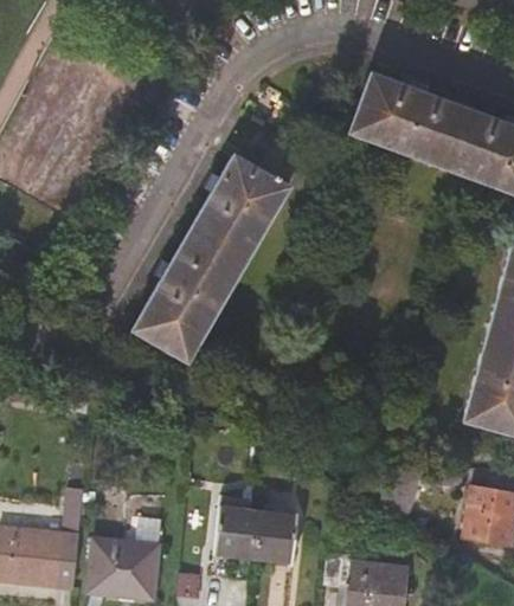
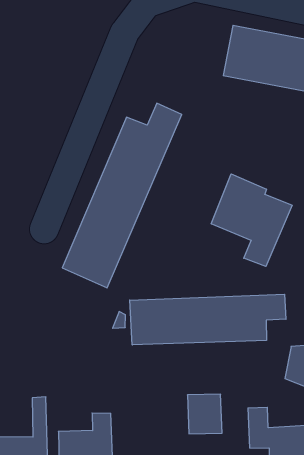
building: none -> [211,174,292,266]
building: none -> [130,294,286,345]
building: [213,497,257,560] -> none

